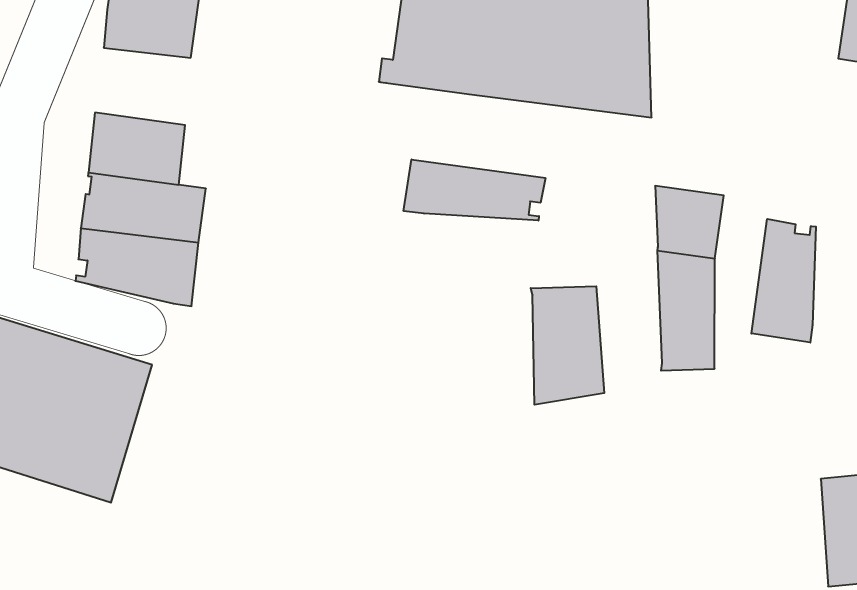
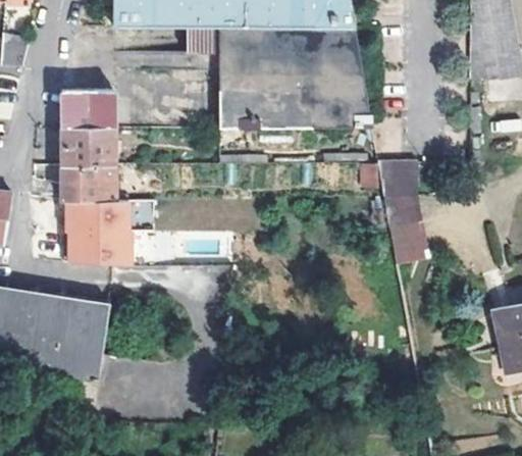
building: none -> [62,126,113,164]
building: [404,159,545,221] -> none
building: [751,219,816,343] -> none
building: [531,286,604,405] -> none

